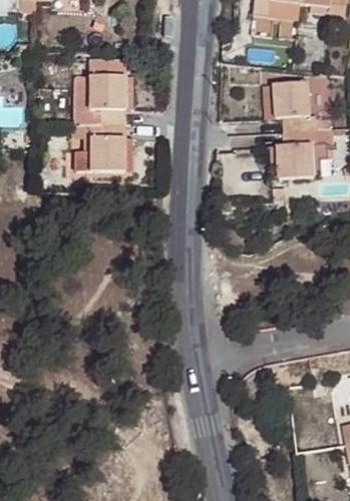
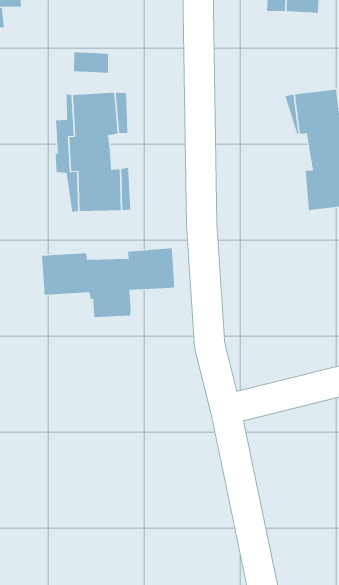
building: none -> [42,247,175,318]

